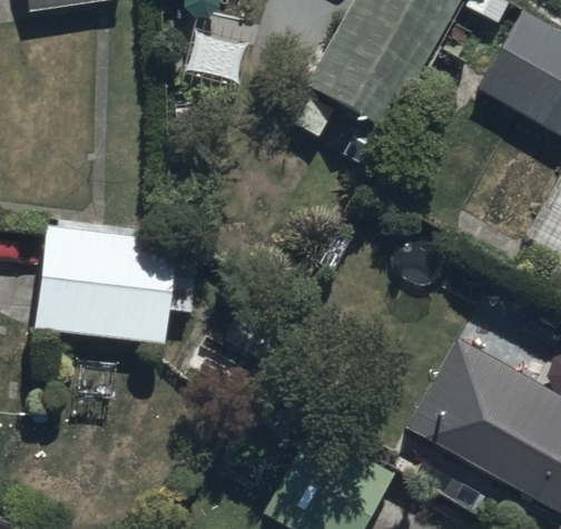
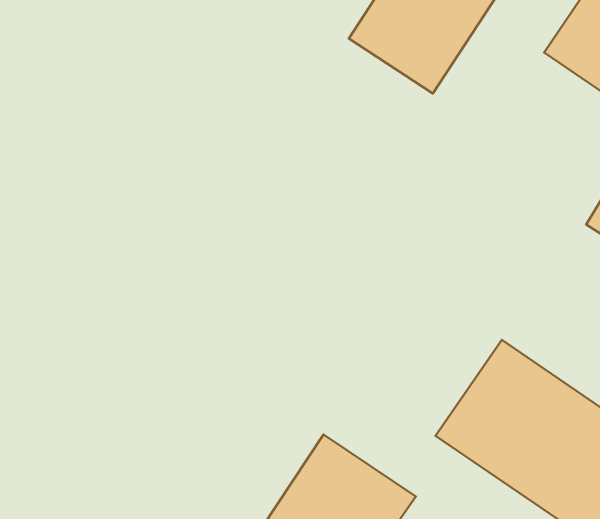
building: [36,226,200,343] -> none

